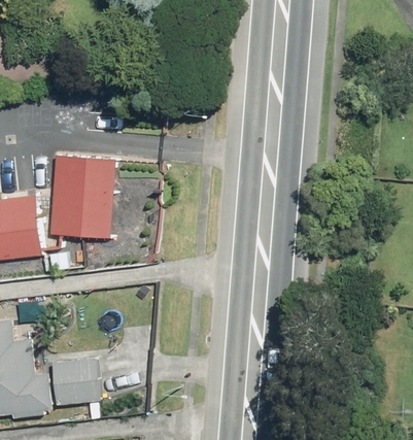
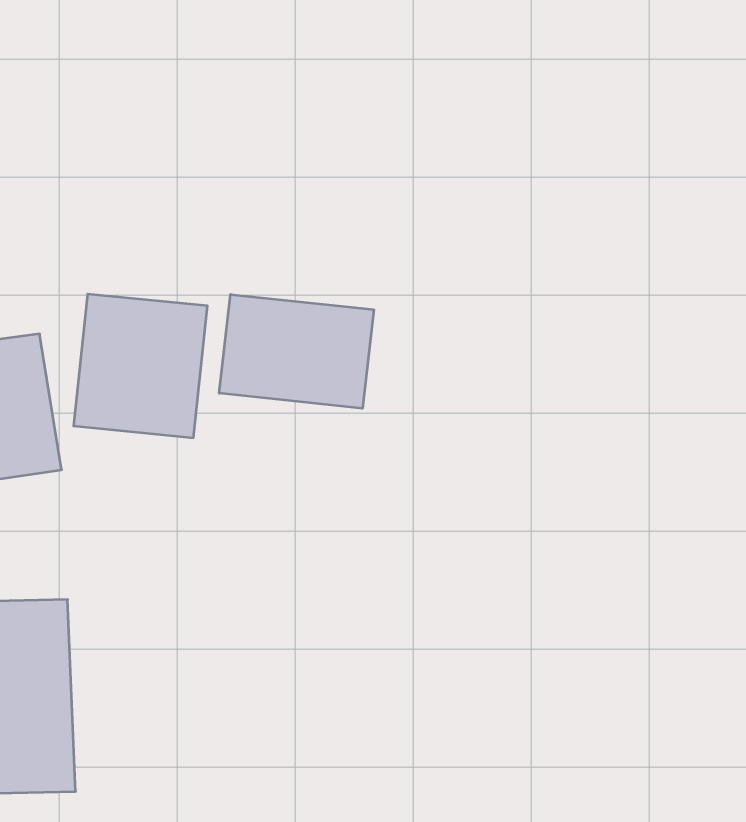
building: none -> [219,294,374,408]
building: [58,353,105,404] -> none

